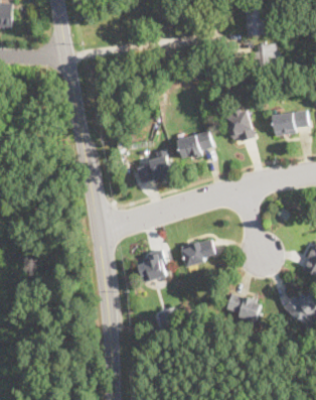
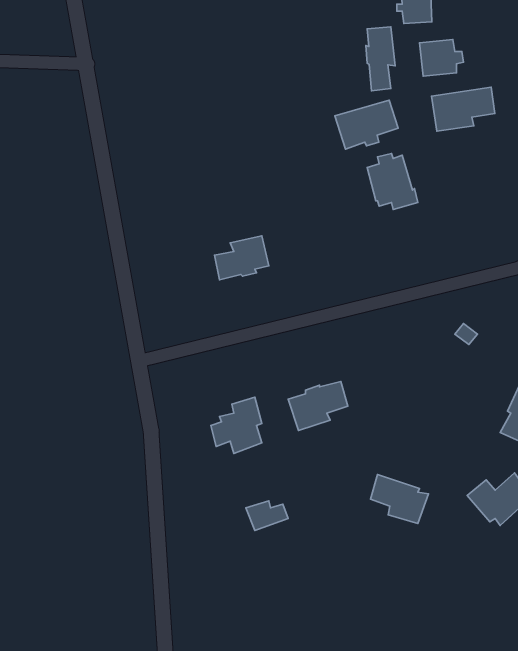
building: none -> [366,27,395,91]
building: [273,111,309,136] -> [432,87,495,131]
building: [177,131,213,159] -> [335,100,398,149]

